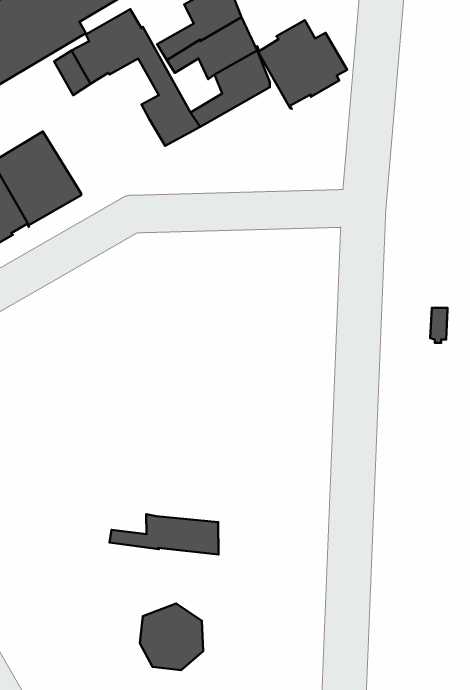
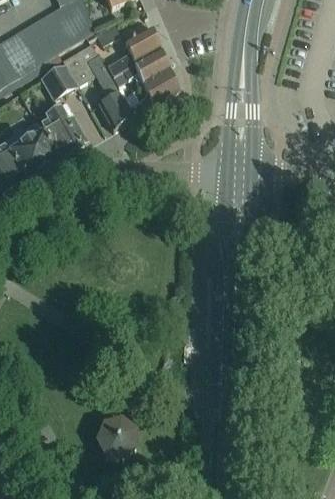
building: [256,20,347,109] -> none
building: none -> [35,105,86,158]
building: [110,514,218,554] -> none

